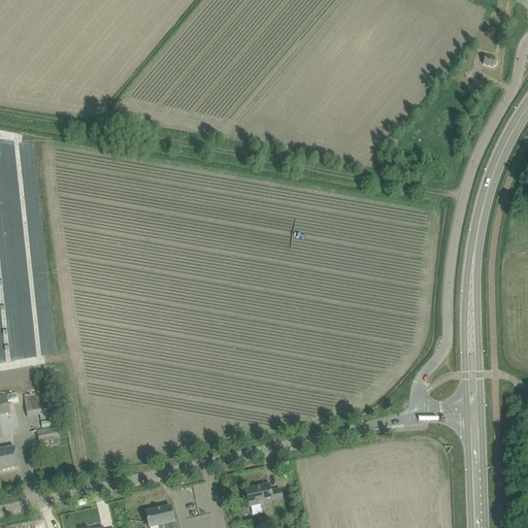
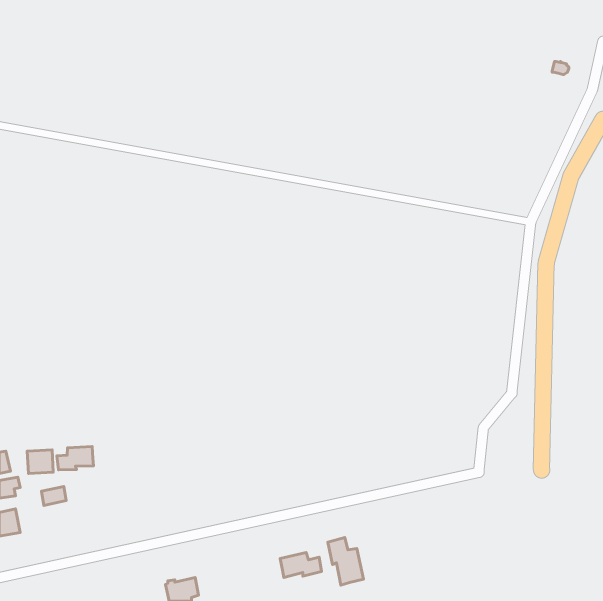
building: none -> [57,447,94,470]
building: none -> [328,537,364,585]

